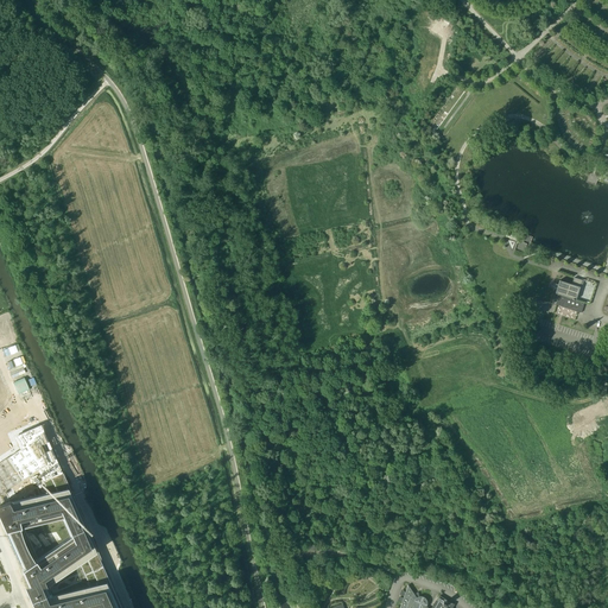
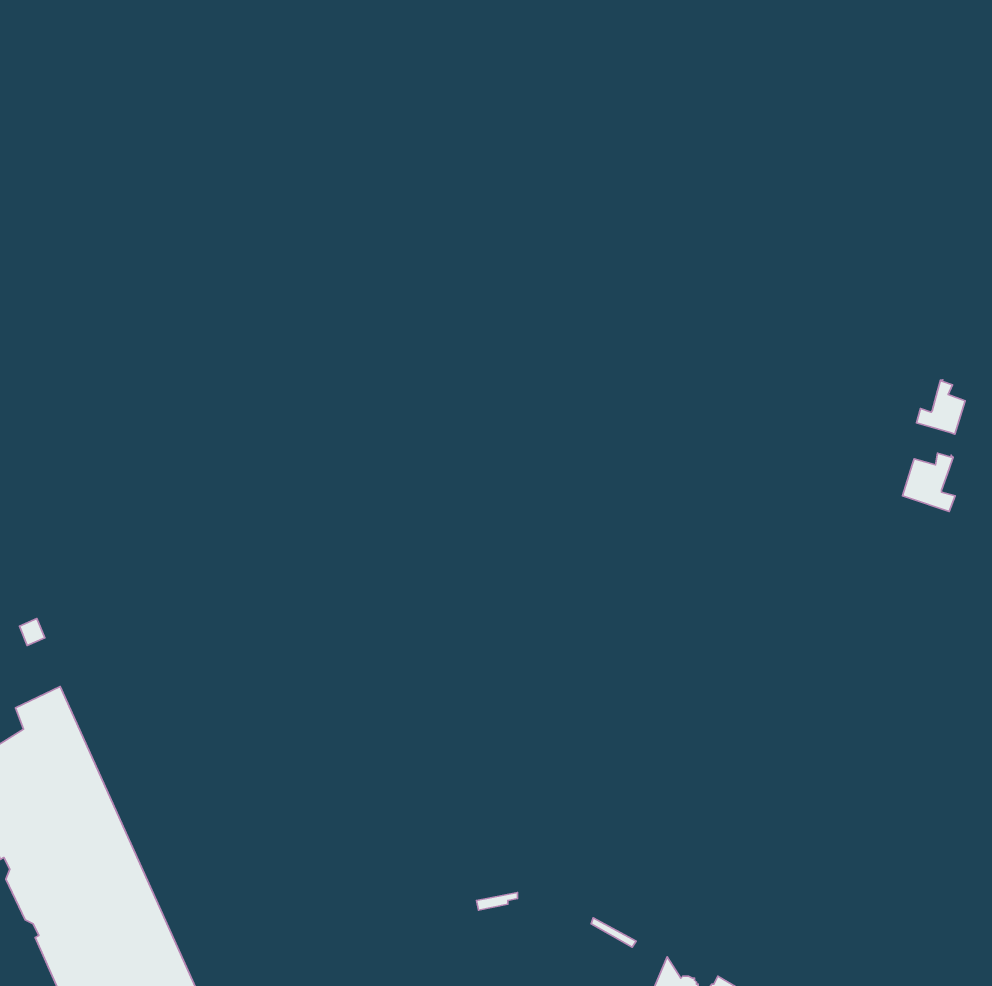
building: none -> [917,380,965,434]

